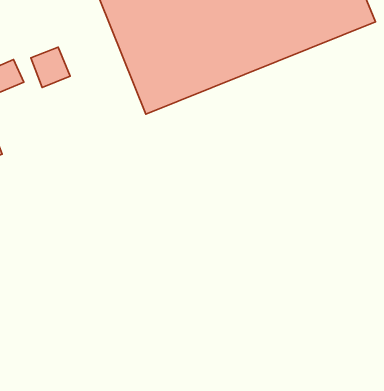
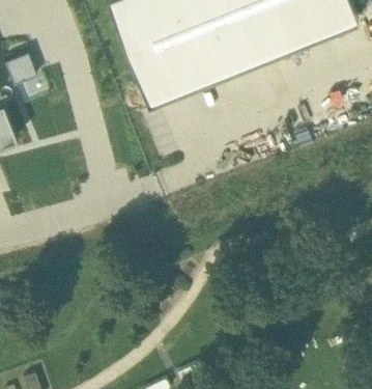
building: [31,47,70,88] -> none

